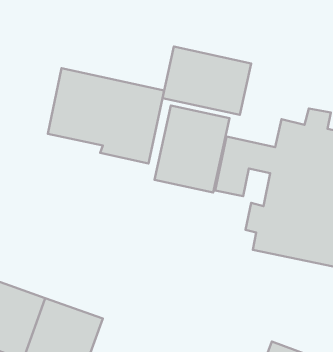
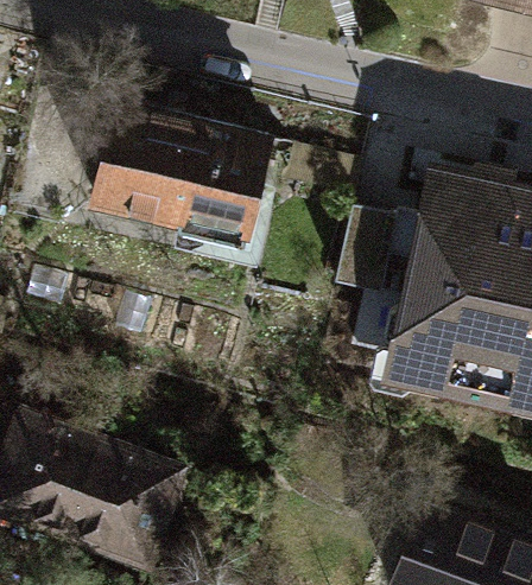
building: [163,47,251,115] -> none
building: [155,105,229,192] -> none

